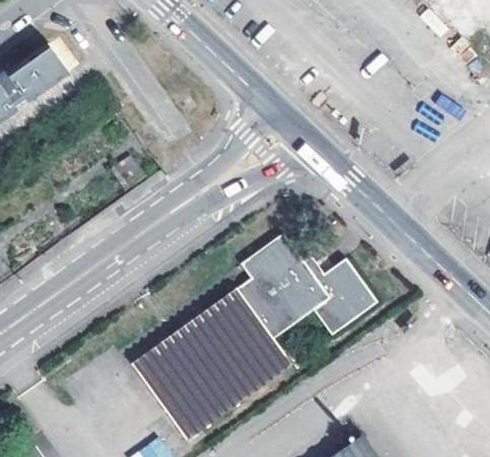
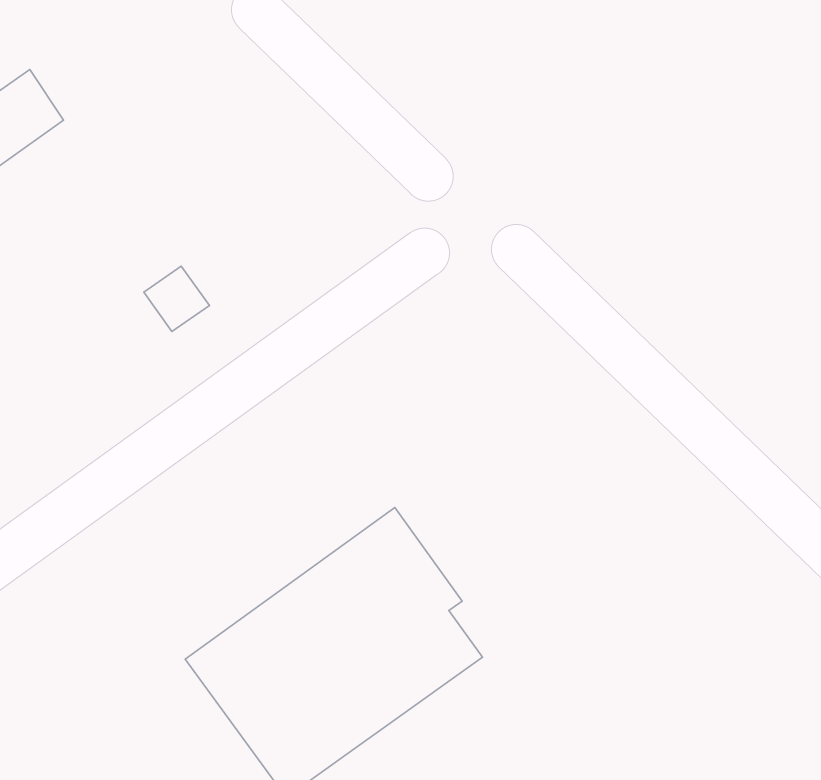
building: [240,233,383,333] -> none

